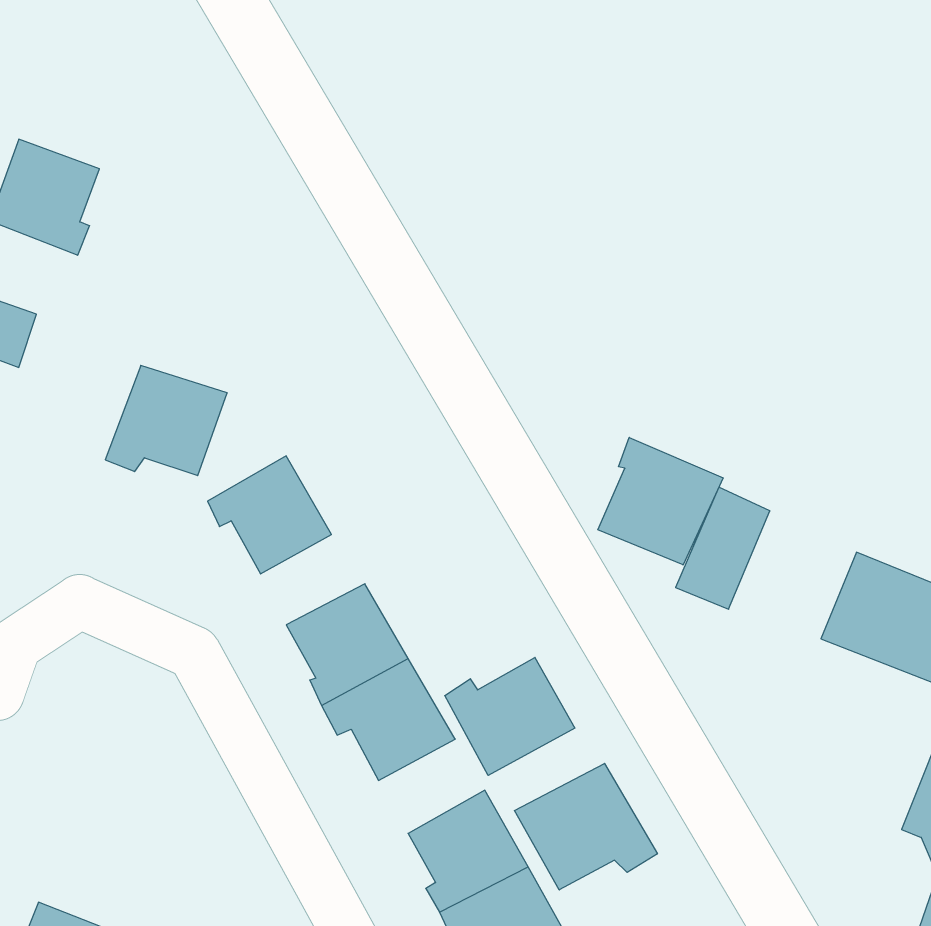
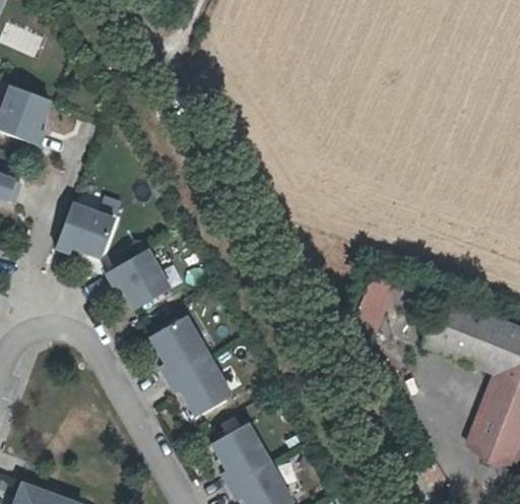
building: [598,437,723,565] -> none
building: [445,657,575,775] -> none
building: [514,763,657,890] -> none

